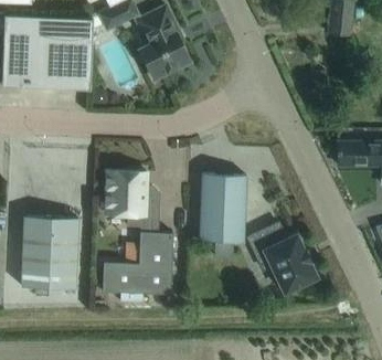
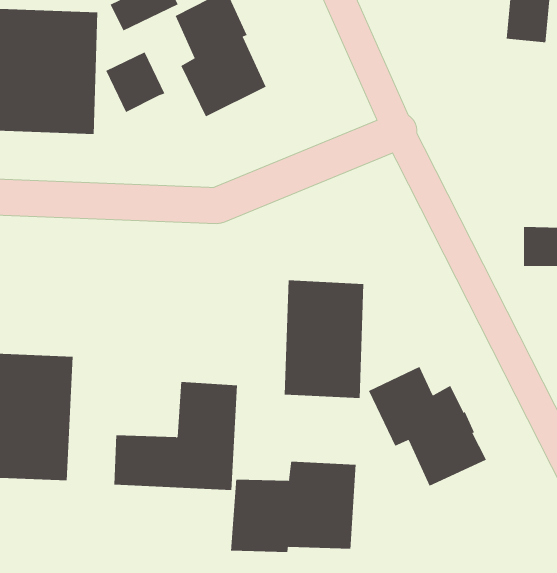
building: none -> [106,51,165,113]
building: [105,168,160,226] -> none
building: none -> [230,461,356,553]

